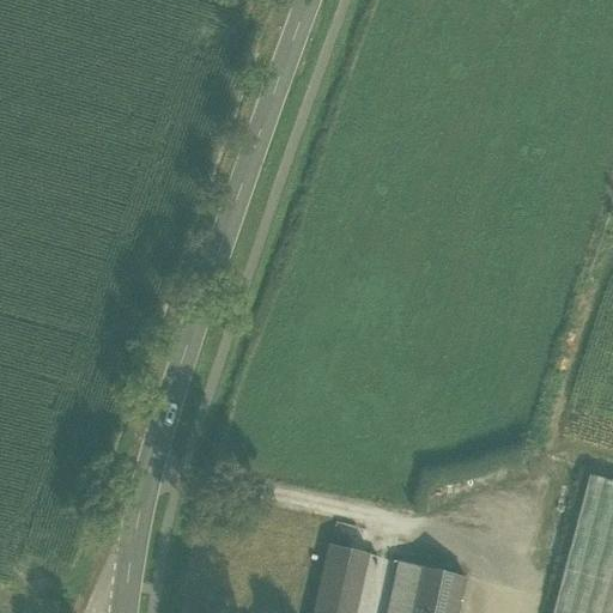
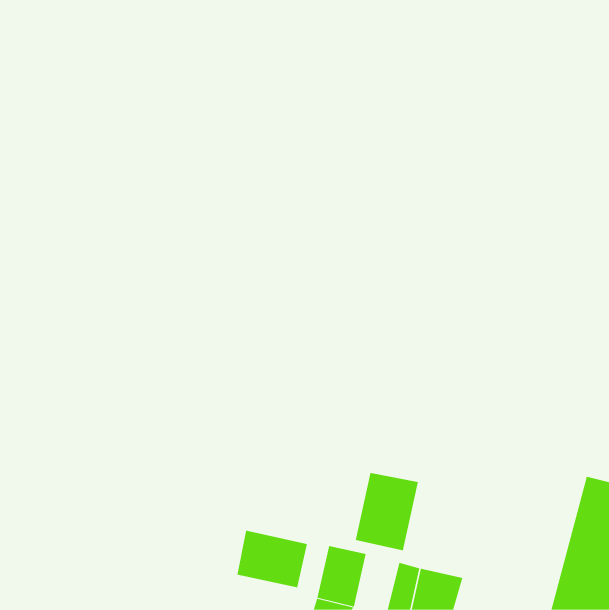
building: none -> [355,472,419,551]
building: none -> [237,530,307,588]

